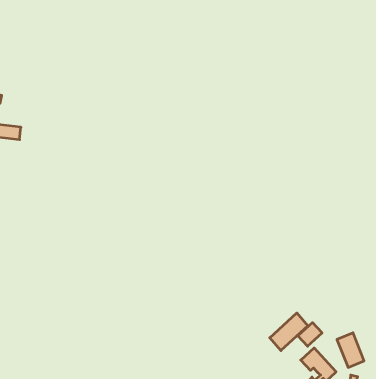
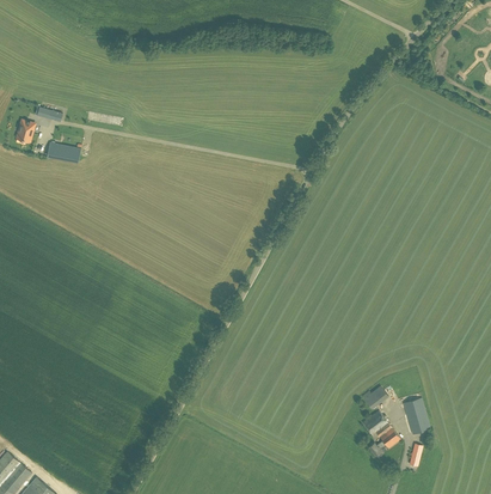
building: [270,313,308,351] -> none

